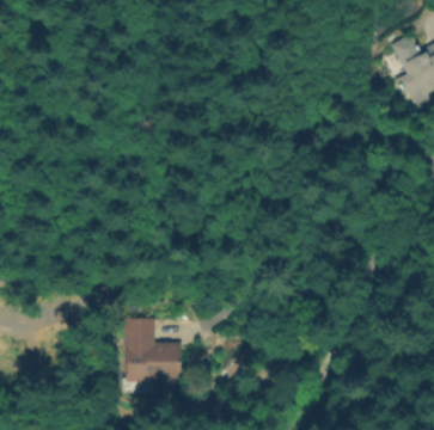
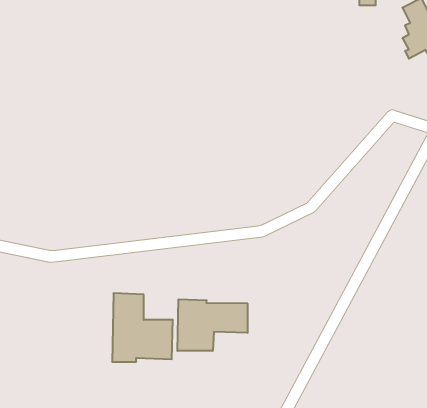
building: none -> [177,299,248,351]

